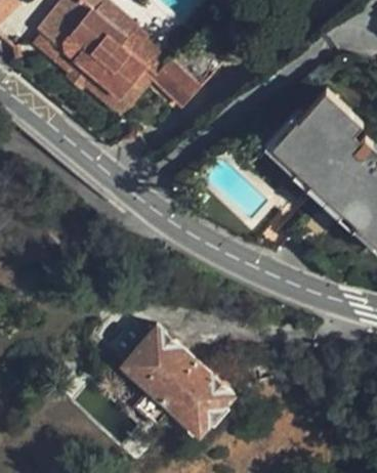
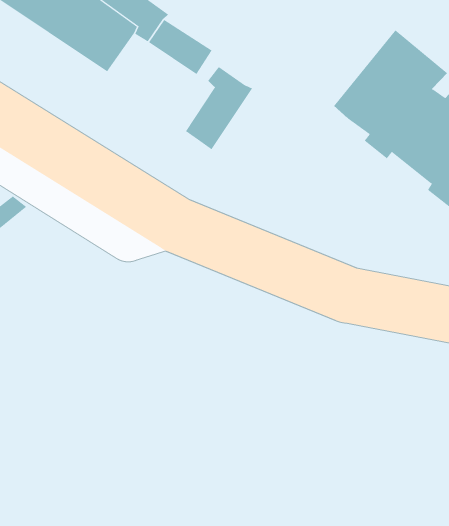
building: none -> [185,66,253,150]
building: [120,330,232,437] -> none

